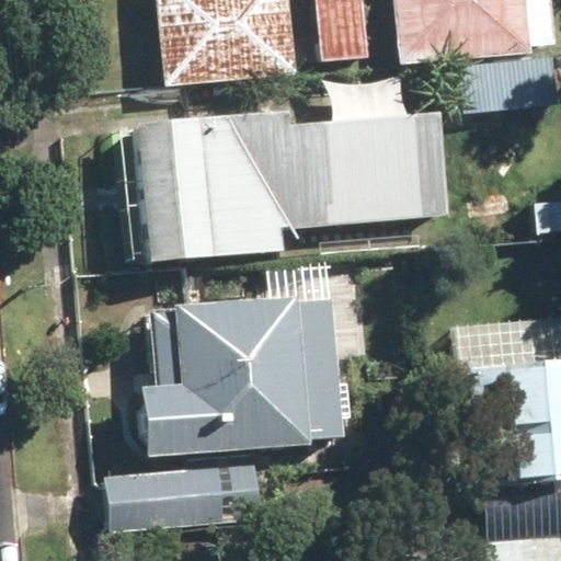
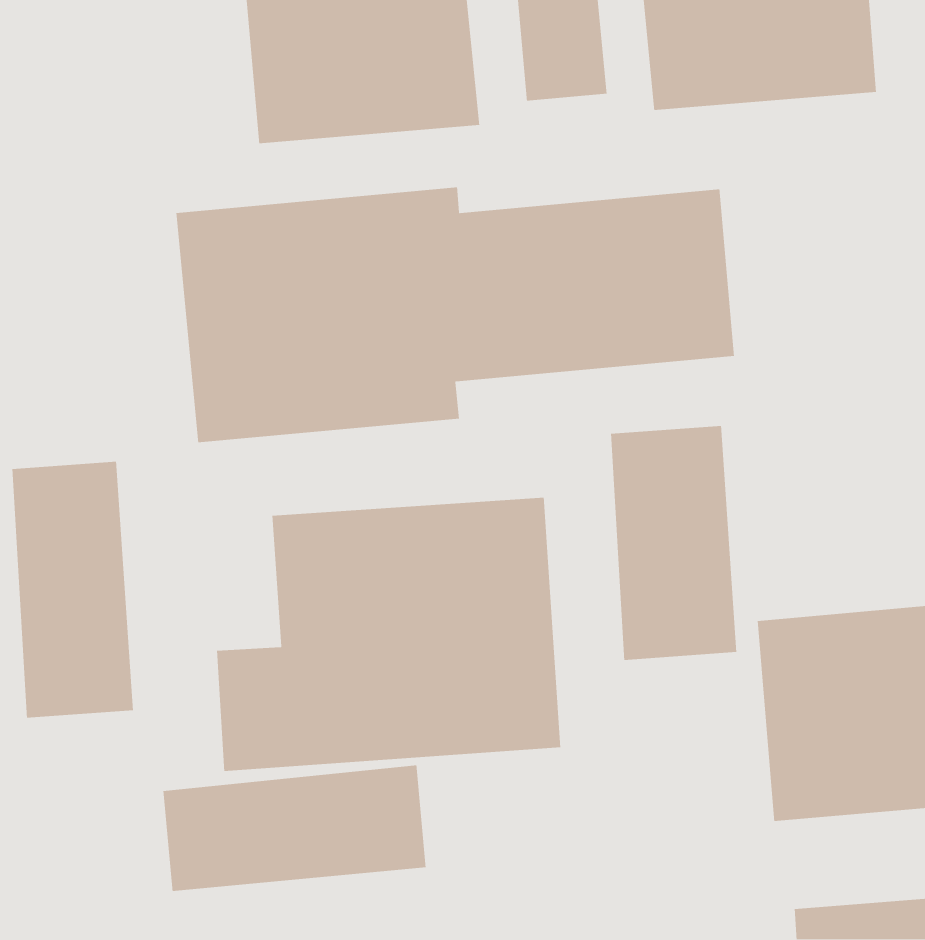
building: none -> [610,425,737,661]
building: none -> [11,461,134,718]

